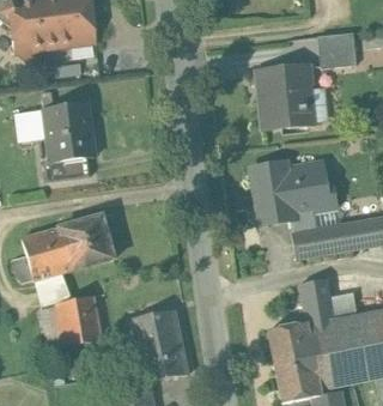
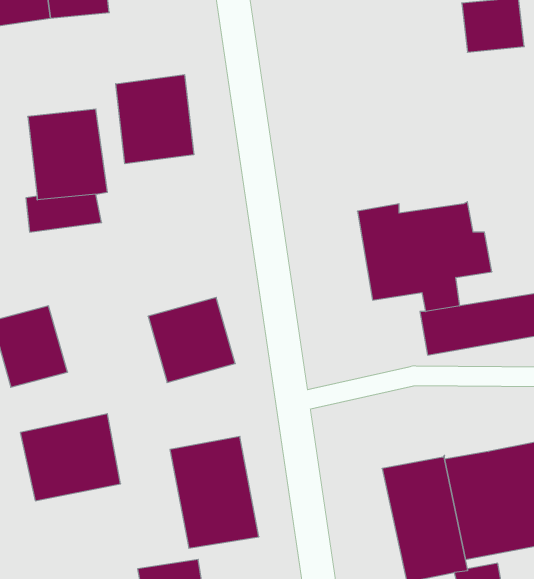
building: [257,65,327,128] -> none
building: none -> [116,75,194,164]
building: [56,216,111,269] -> [148,297,235,383]
building: [299,278,334,325] -> none

